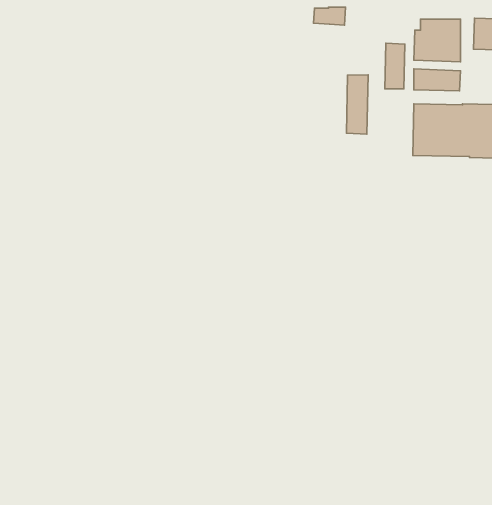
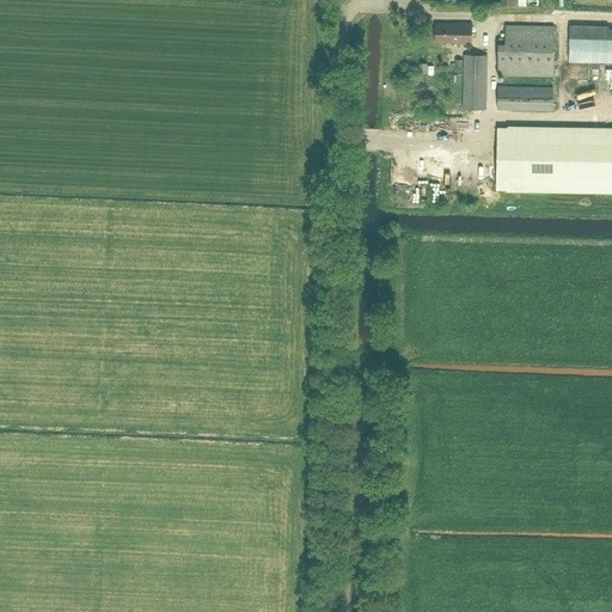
building: [313,7,345,25] -> [434,23,472,44]
building: [346,75,368,134] -> none

